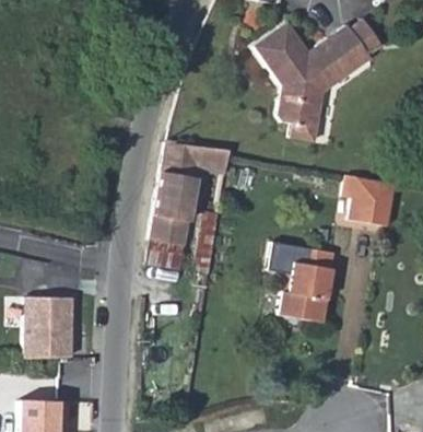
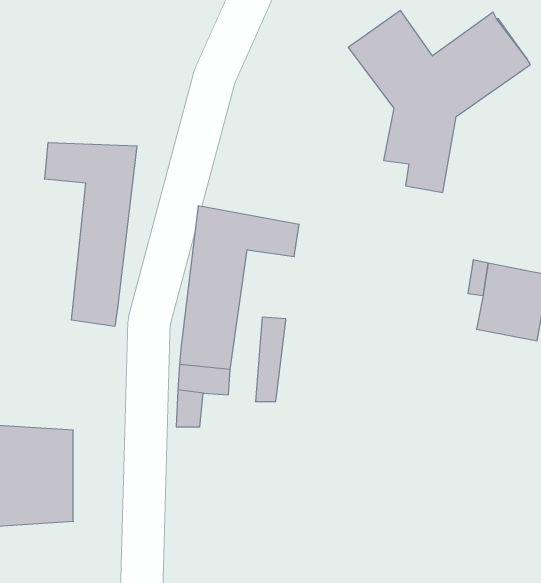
building: none -> [45,142,137,326]
building: [277,254,332,329] -> none

